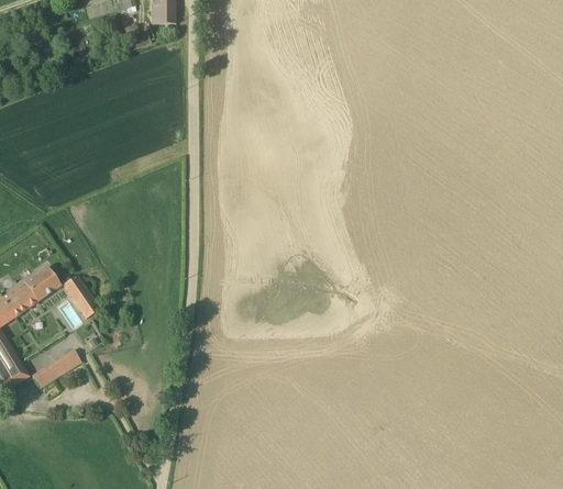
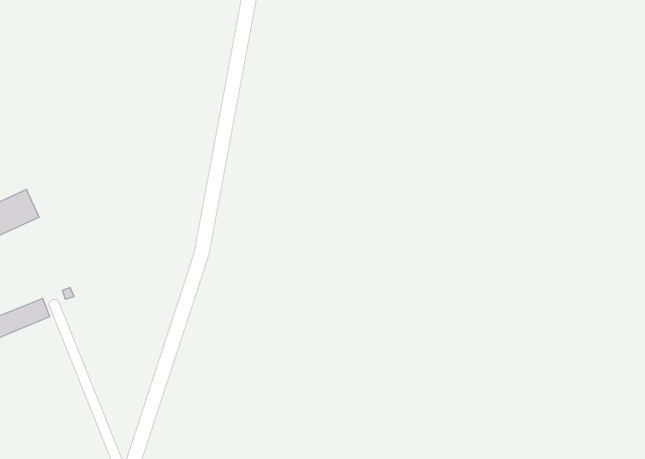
building: [62,275,99,318] -> none

